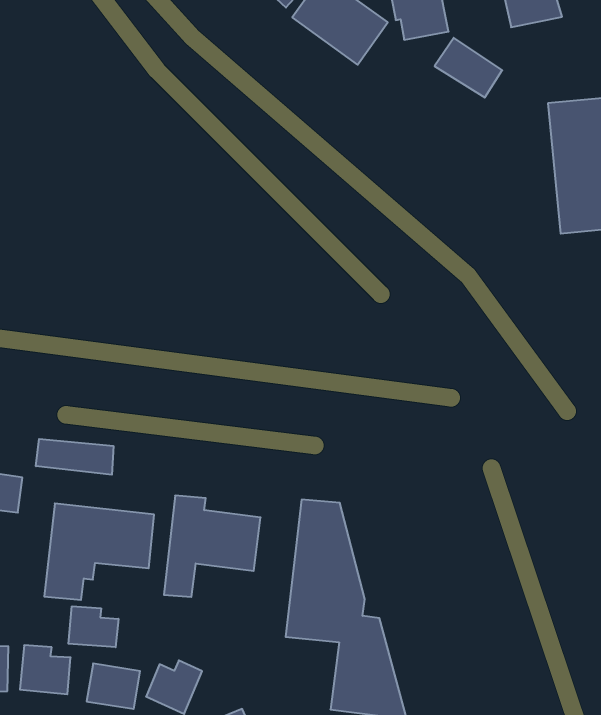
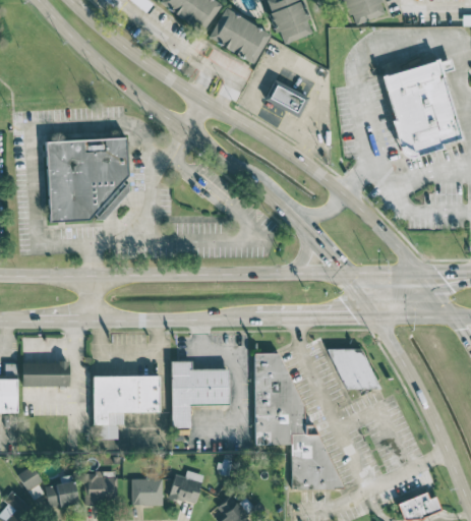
building: [435,38,502,98] -> [263,79,308,116]
building: none -> [47,137,128,221]
building: [36,439,113,475] -> none
building: none -> [329,347,379,393]
building: [68,606,118,647] -> none

